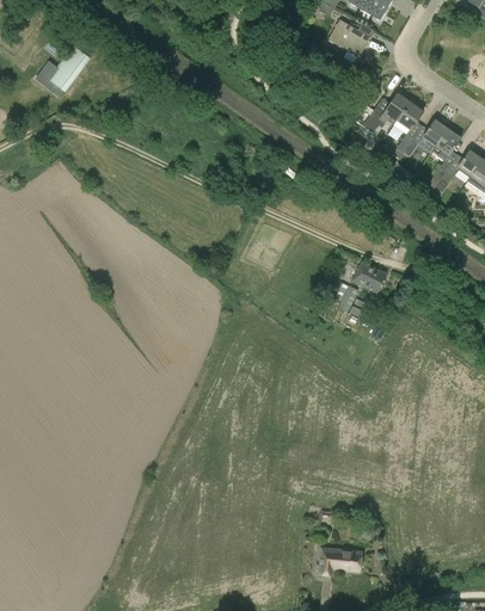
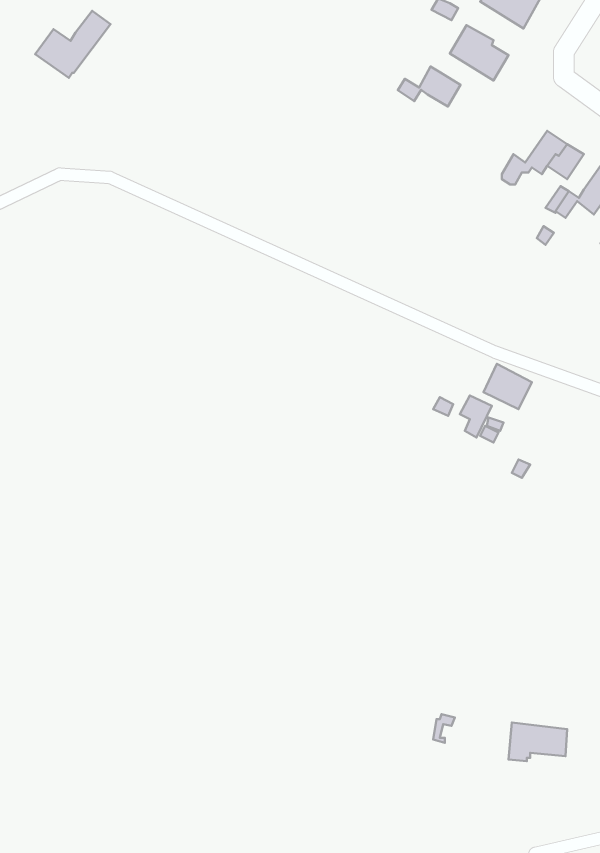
building: [35,48,88,95] -> [35,11,111,78]
building: none -> [398,67,461,107]
building: [319,548,361,575] -> [508,723,567,761]

